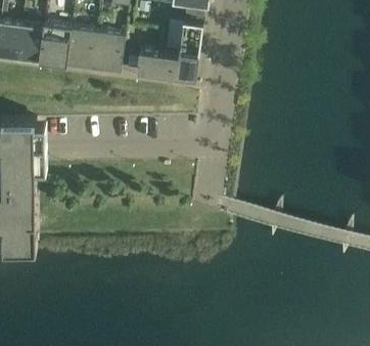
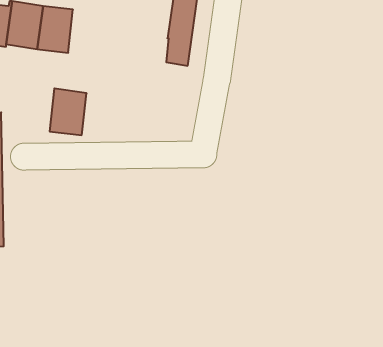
building: [92,32,124,72] -> [50,88,87,135]
building: [135,51,178,77] -> none

